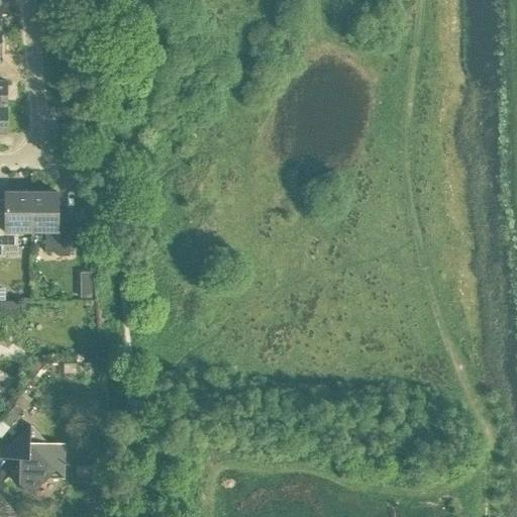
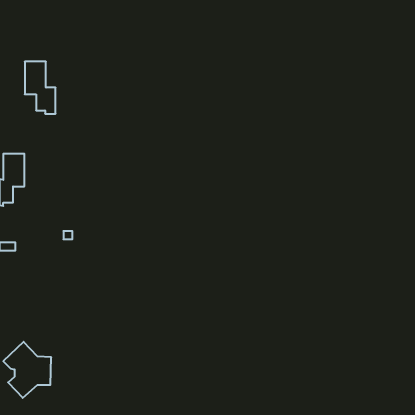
building: [30,191,69,255] -> [25,62,56,114]

